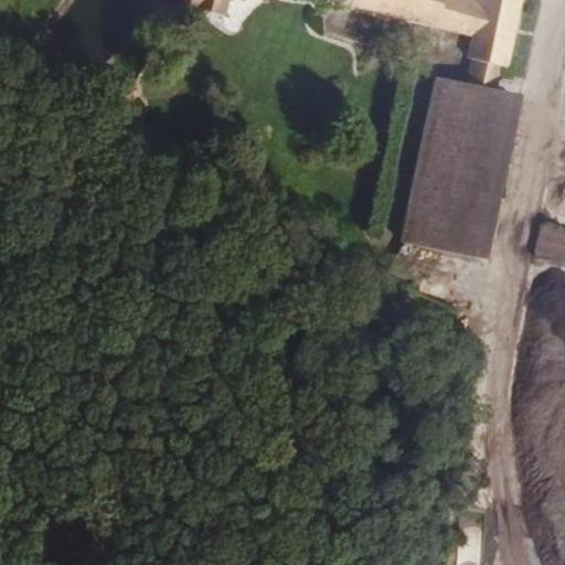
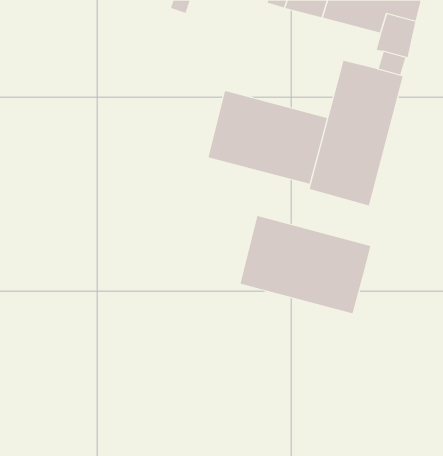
building: none -> [208,90,327,185]
building: none -> [240,215,371,314]

